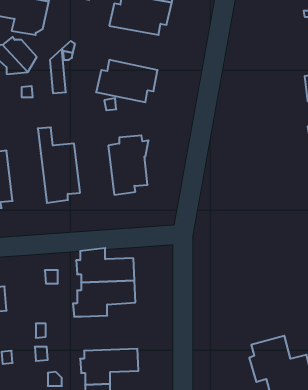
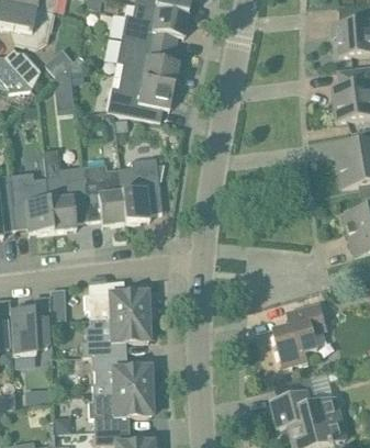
building: none -> [116,36,179,85]
building: none -> [82,161,126,224]
building: none -> [9,170,53,232]
building: none -> [274,301,327,365]
building: none -> [11,307,47,352]
building: none -> [91,352,152,391]

